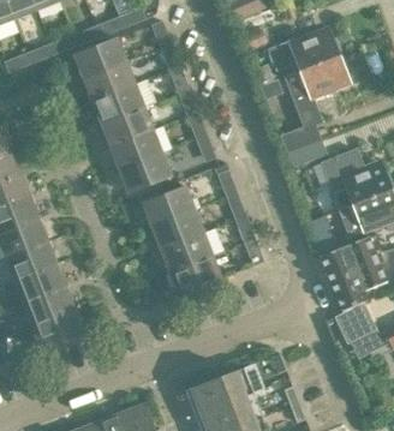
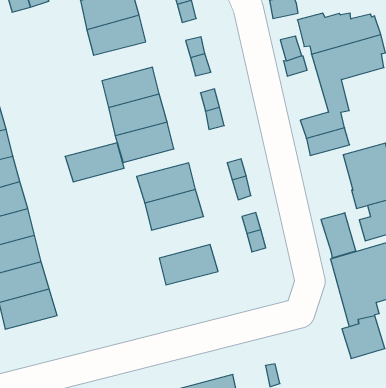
building: [91,84,144,122] -> [65,143,124,182]
building: [159,232,211,273] -> none

